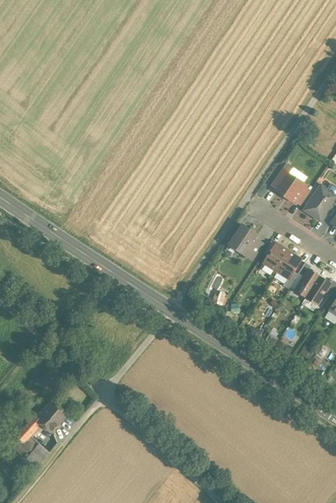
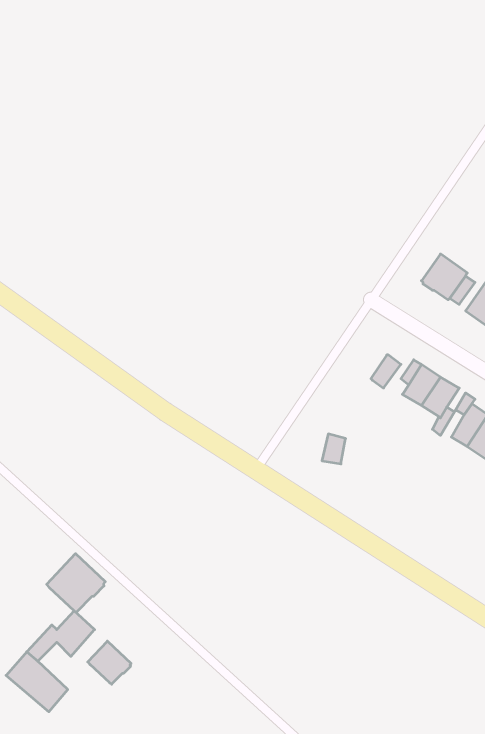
building: [229,225,256,255] -> none
building: none -> [47,554,105,612]
building: none -> [88,641,131,684]

